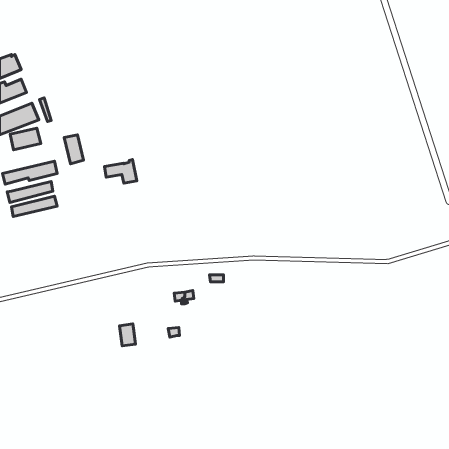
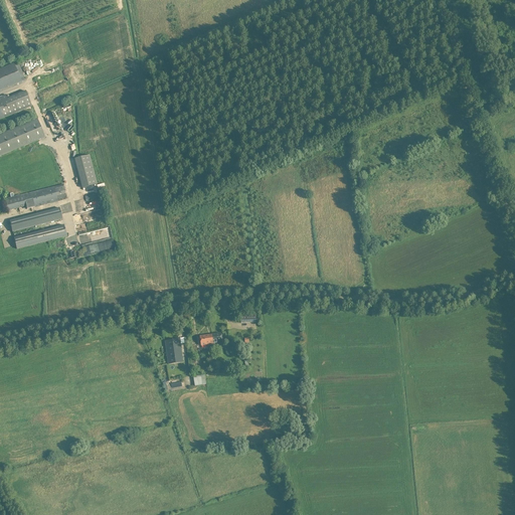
building: [10,128,41,150] -> none
building: [104,160,137,183] -> [76,224,114,251]
building: [120,324,135,346] -> [164,338,182,363]

